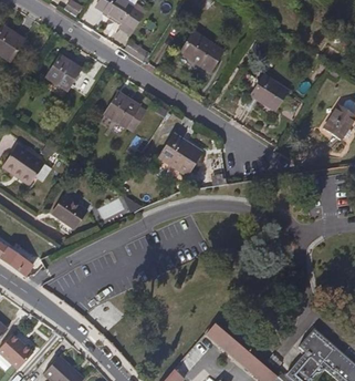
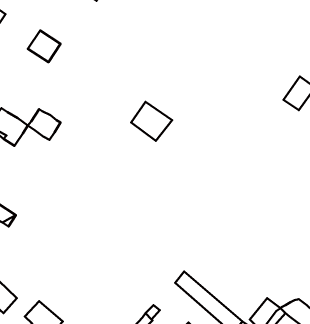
building: [179,34,222,74] -> none
building: [252,80,291,119] -> none
building: [103,96,138,132] -> none
building: [53,194,88,227] -> [28,109,61,140]
building: [299,329,340,362] -> none

